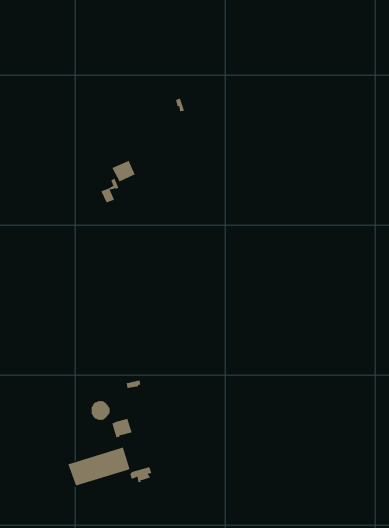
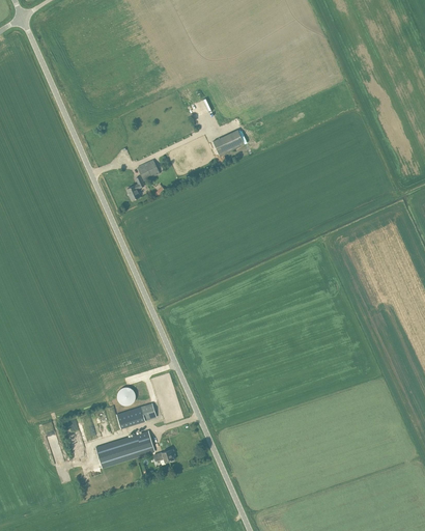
building: none -> [212,129,245,155]

